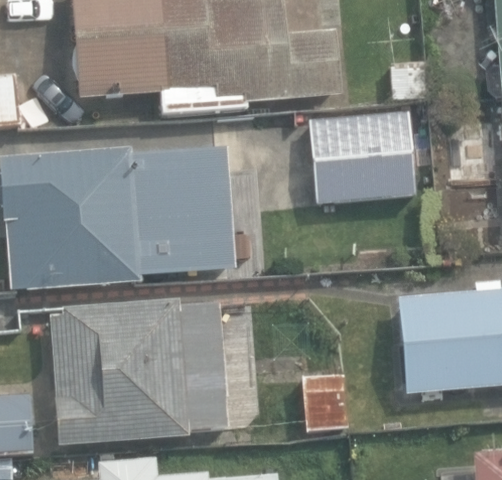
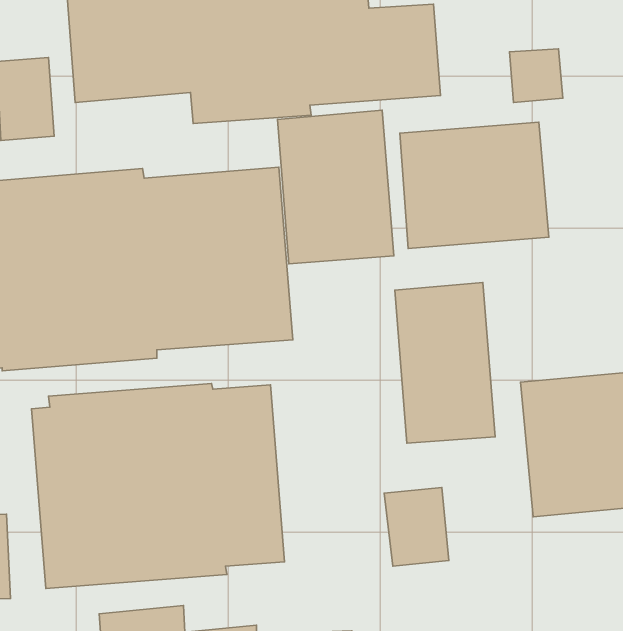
building: none -> [277,110,394,264]
building: none -> [395,282,495,443]

